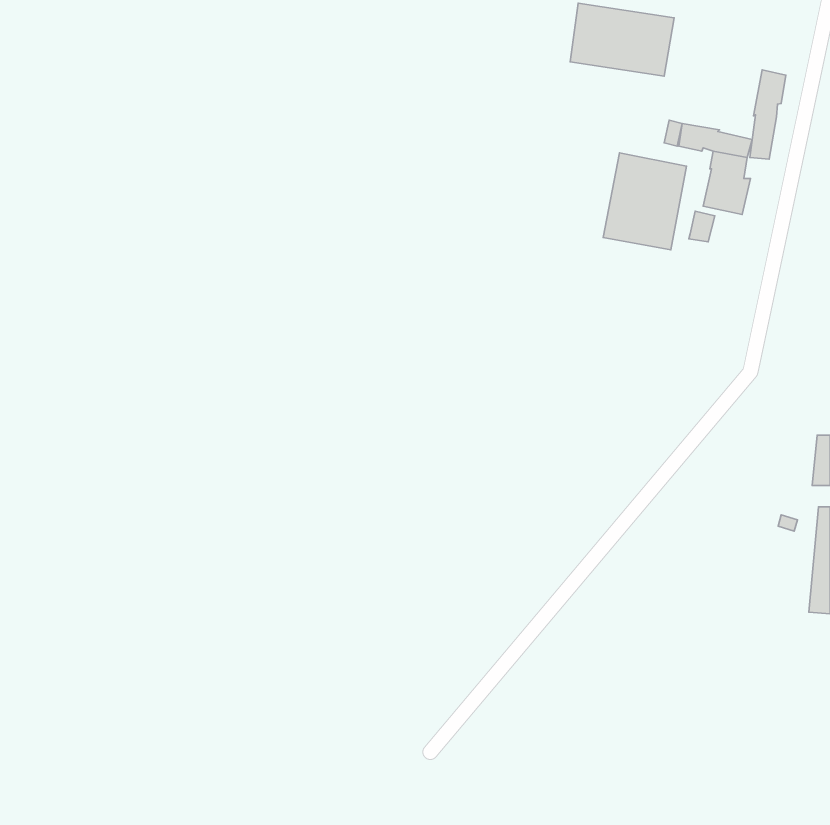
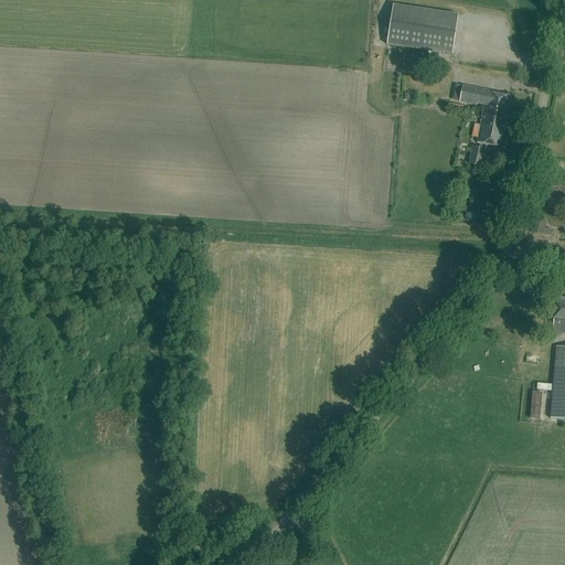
building: [750,70,786,159] -> none
building: [603,153,686,250] -> none

